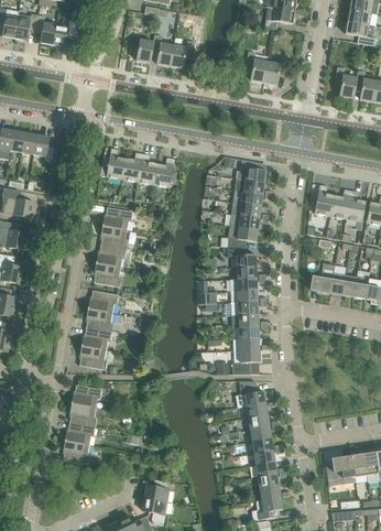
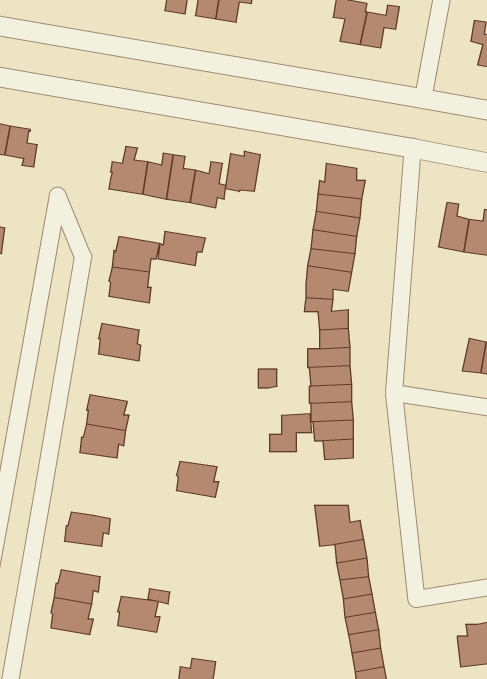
building: none -> [226,151,260,192]
building: [96,245,127,267] -> [158,232,206,266]
building: [311,262,335,293] -> none
building: [88,290,118,313] -> none
building: [79,346,107,369] -> [176,462,219,497]
building: [232,349,260,373] -> [269,414,312,451]
building: [69,403,97,426] -> [118,596,160,632]

